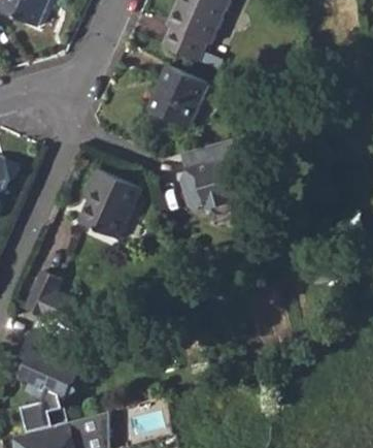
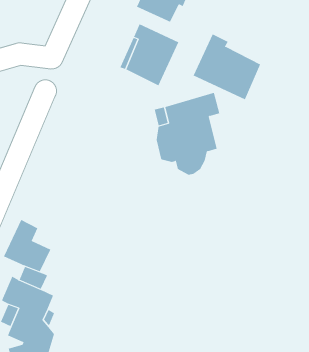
building: none -> [193,33,261,100]
building: [78,168,140,238] -> none

